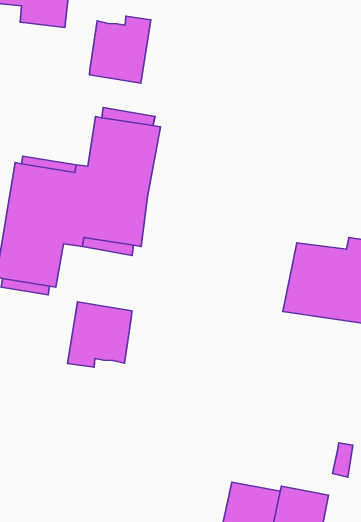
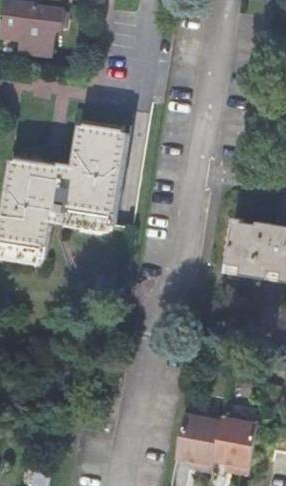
building: [89,16,151,83] -> none
building: [68,302,132,367] -> none

